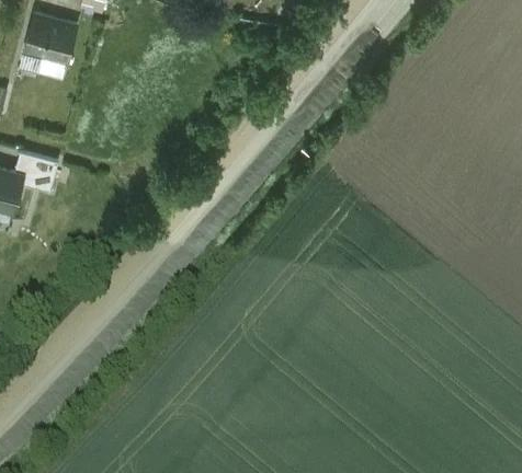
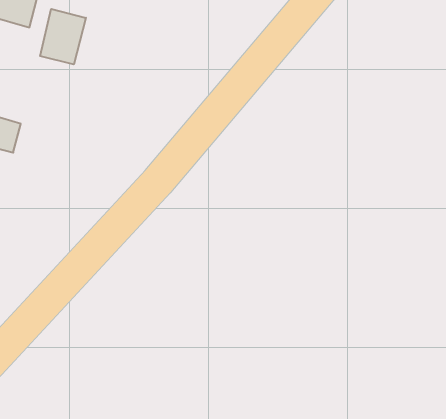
building: none -> [40,9,86,64]

